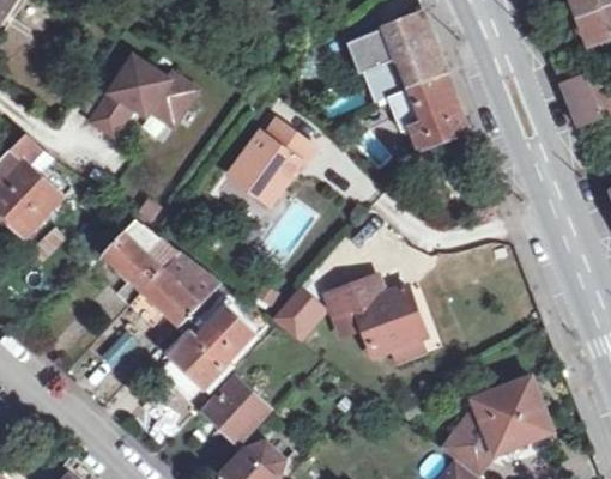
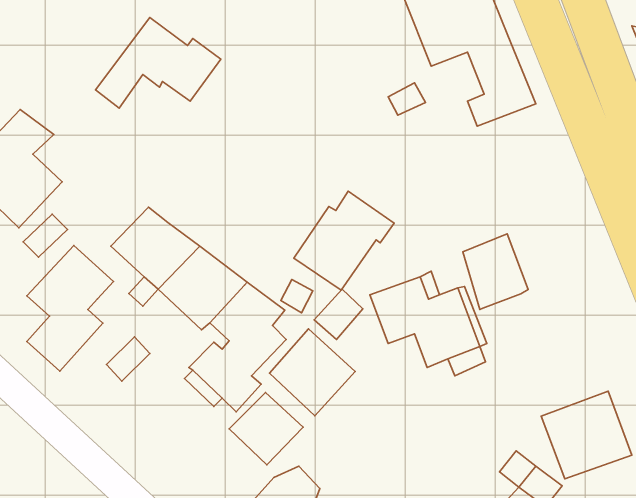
building: [230,121,316,206] -> [294,191,394,290]
building: none -> [463,234,528,309]
building: none -> [27,245,113,371]
building: none -> [270,329,355,416]

